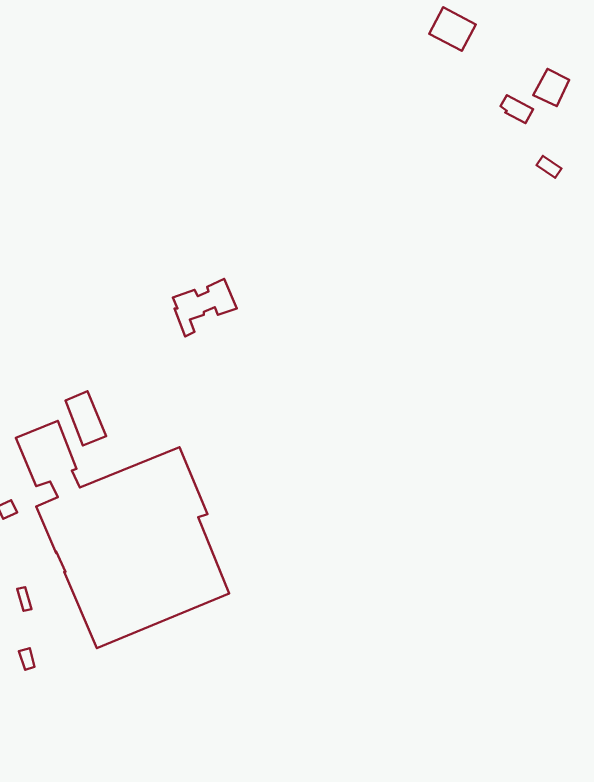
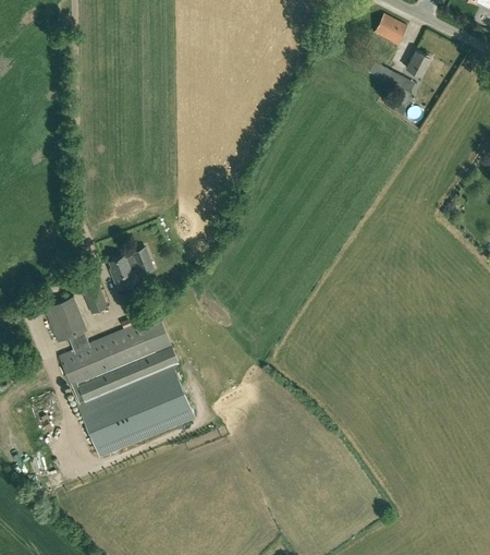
building: [429,7,476,51] -> [375,14,407,45]
building: [173,279,237,337] -> [109,248,154,288]

